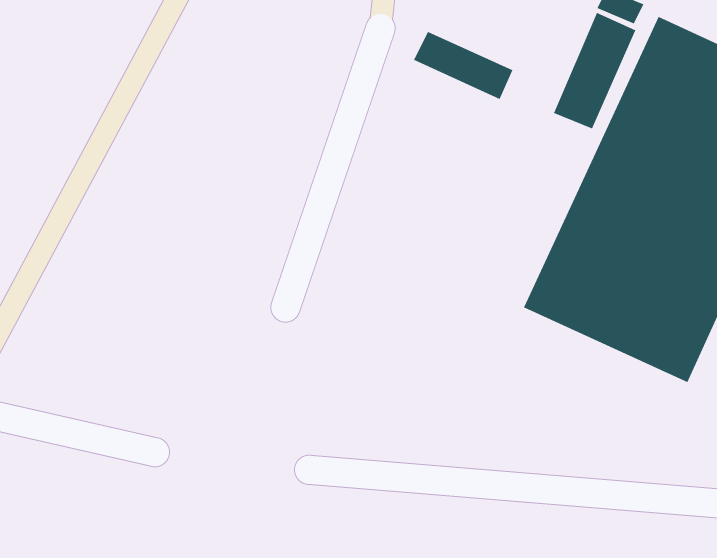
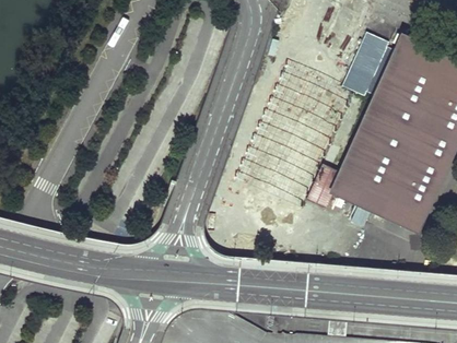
building: [413,31,513,100] -> none

